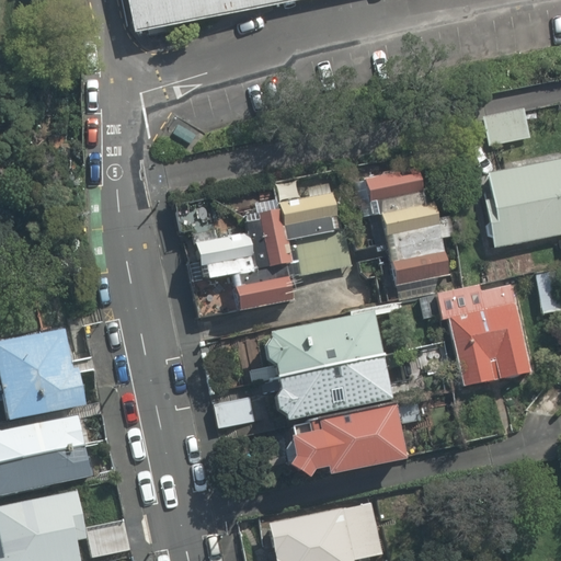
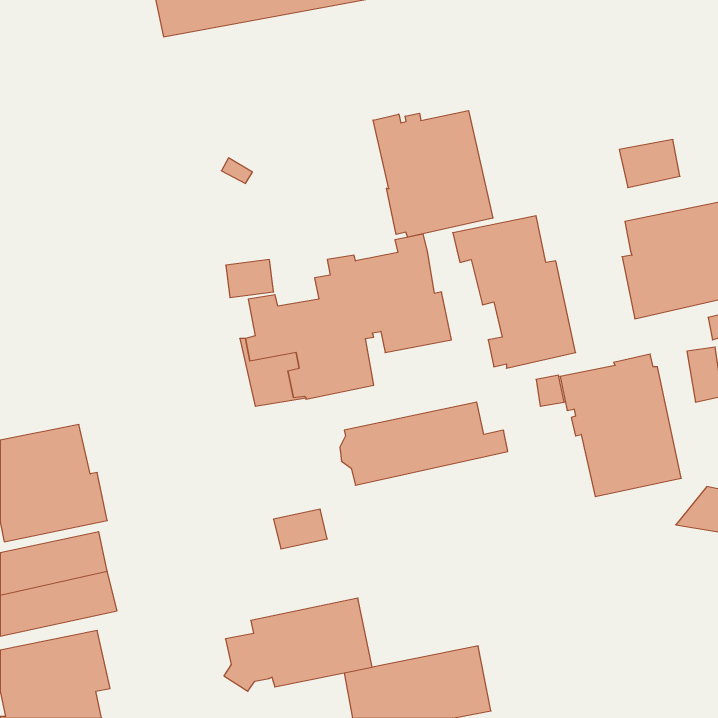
building: none -> [373,111,493,237]
building: [276,351,399,420] -> none
building: [289,404,404,477] -> [224,598,372,691]

